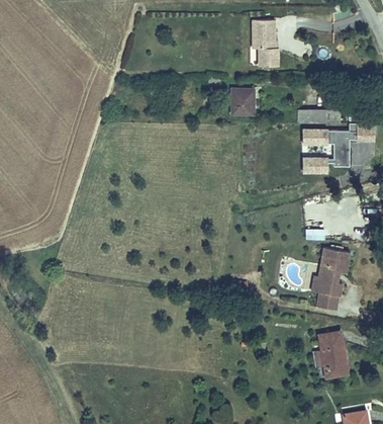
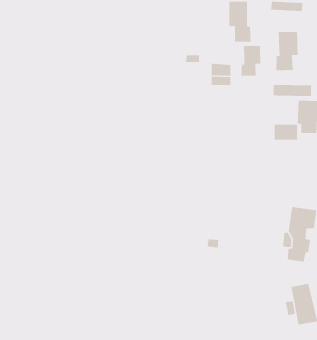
building: none -> [276,31,299,71]
building: none -> [241,45,261,76]
building: [302,129,328,146] -> none

